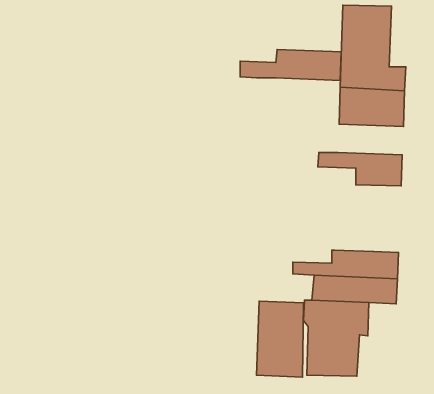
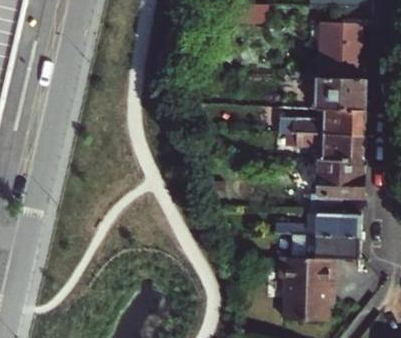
building: [240,49,341,80] -> [279,109,364,135]
building: none -> [306,160,362,216]
building: [257,301,304,377] -> none

